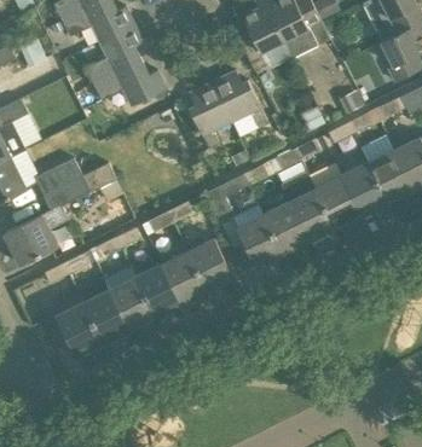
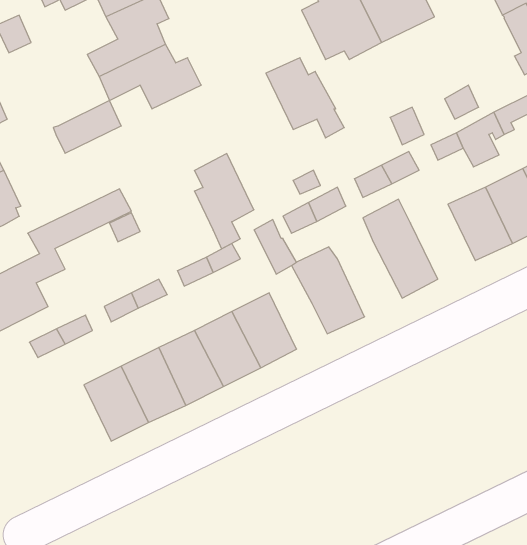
building: [187,81,230,149] -> [194,154,254,249]
building: [33,157,81,195] -> [53,100,121,153]
building: [313,174,359,227] -> none
building: [261,201,307,254] -> none
building: [54,302,100,355] -> none

